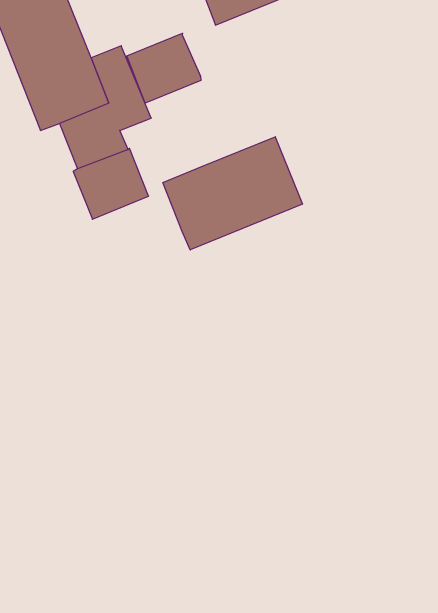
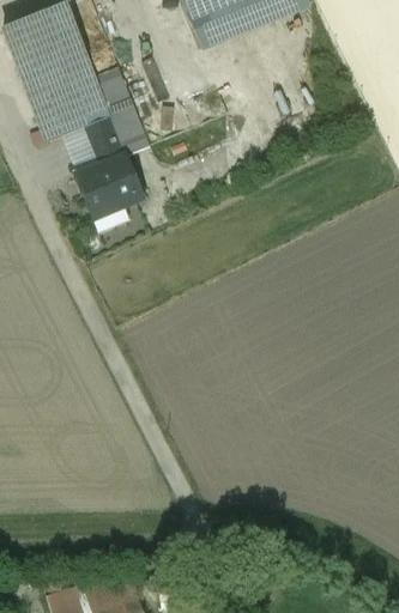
building: [127,33,201,103] -> none
building: [163,137,303,250] -> none

